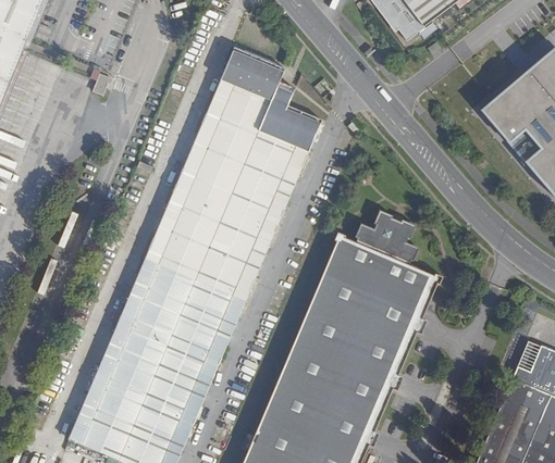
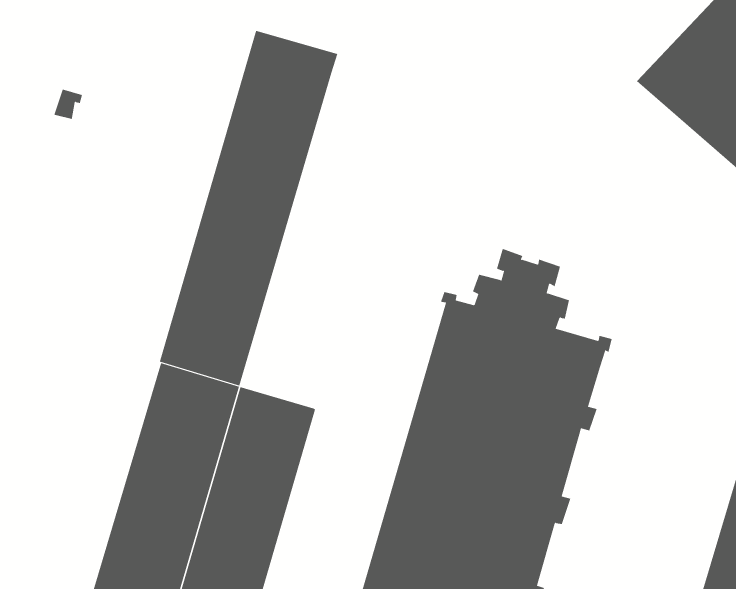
building: [197,80,321,298] -> none

